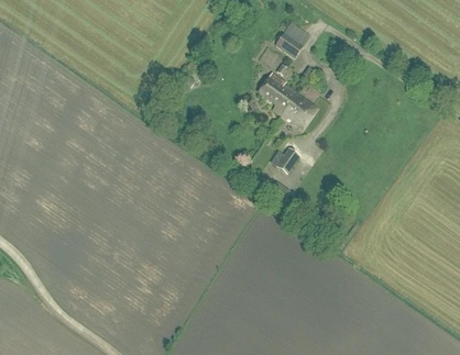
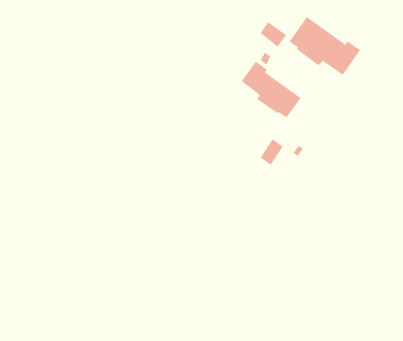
building: none -> [289,16,361,75]

